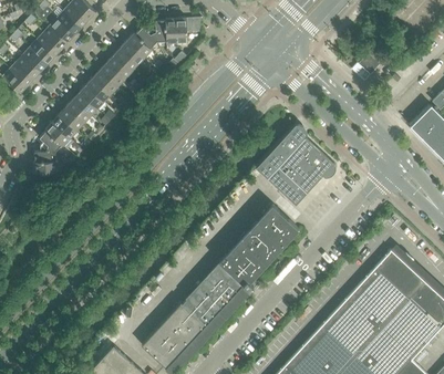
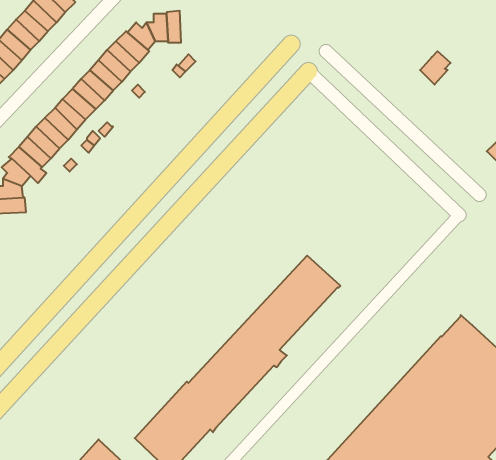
building: [175,18,202,43] -> none
building: [255,125,334,205] -> none

